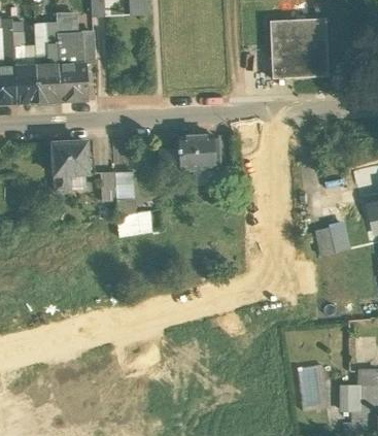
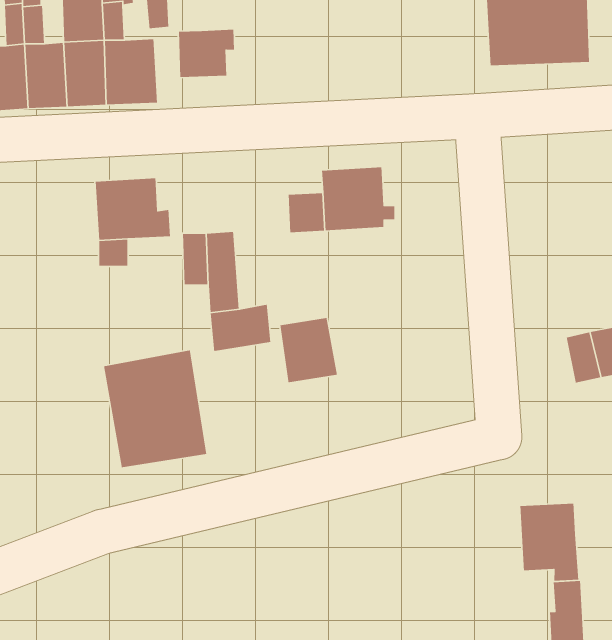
building: none -> [178,29,235,78]
building: none -> [279,317,338,383]
building: none -> [103,350,207,468]
building: none -> [520,503,579,581]

